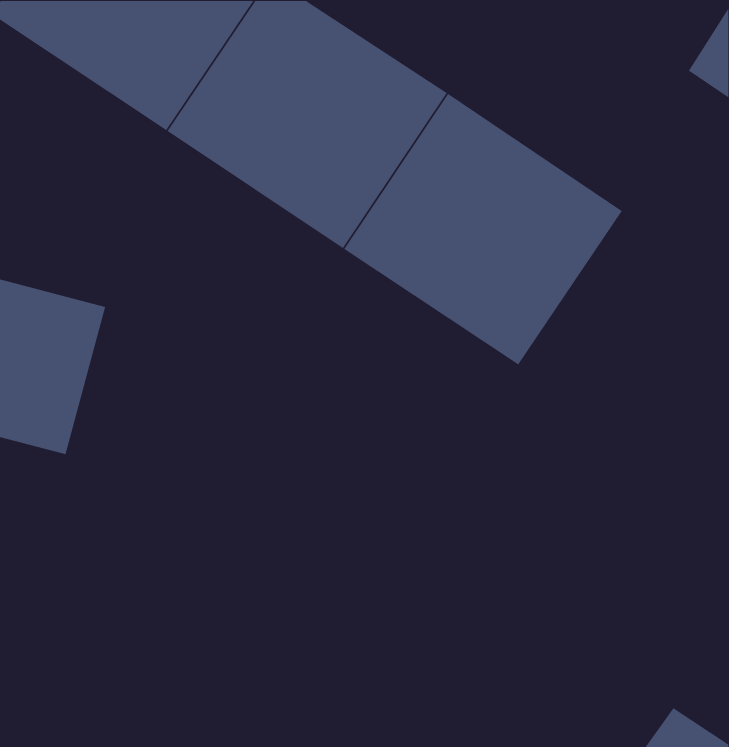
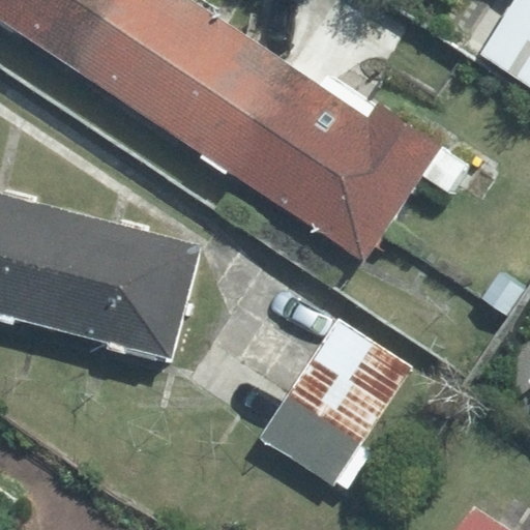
building: none -> [47,219,188,353]
building: none -> [264,319,419,485]

